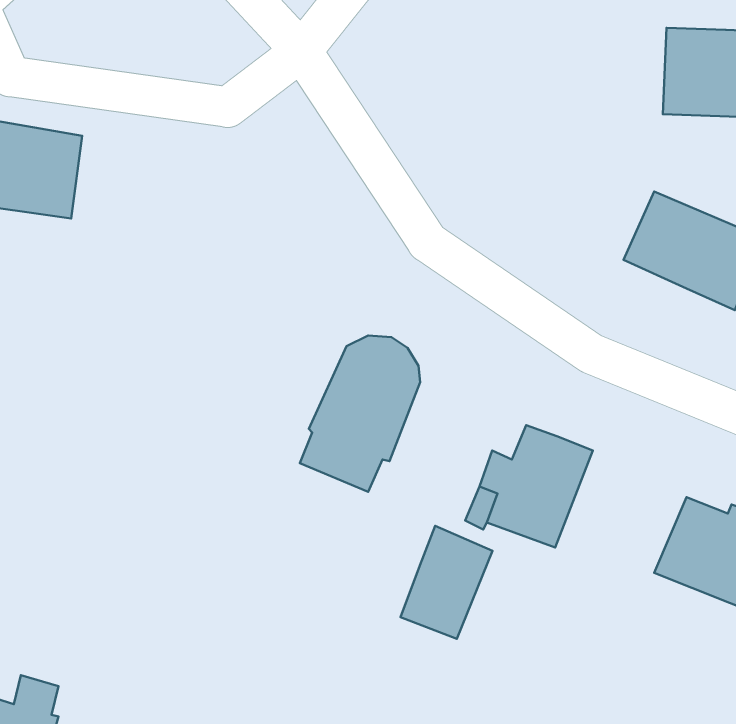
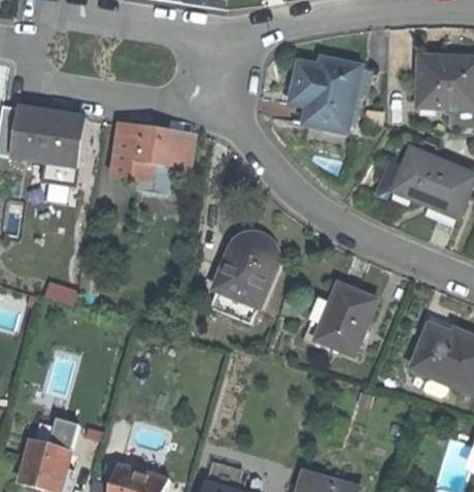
building: none -> [290,58,360,131]
building: none -> [114,123,192,193]
building: [401,526,493,639] -> none

